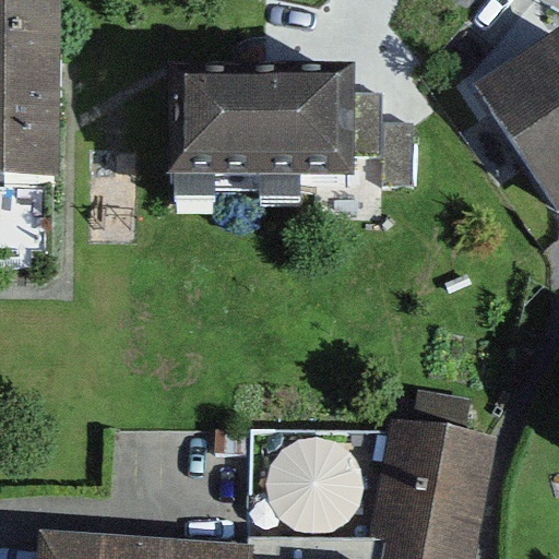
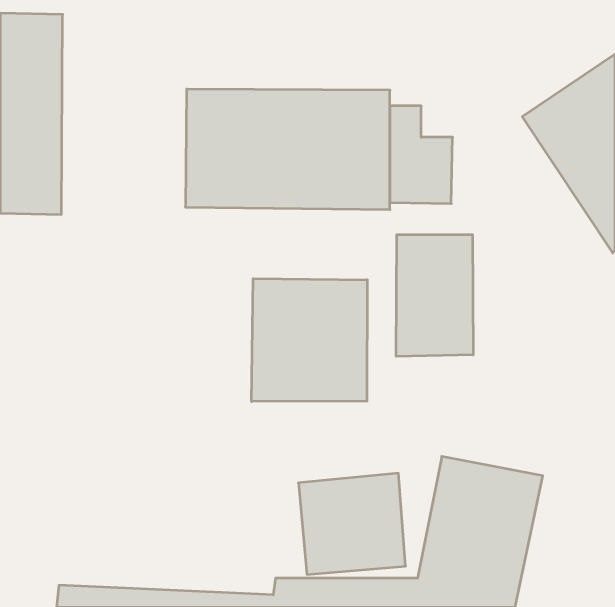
building: none -> [396,235,473,356]
building: none -> [252,279,367,402]

